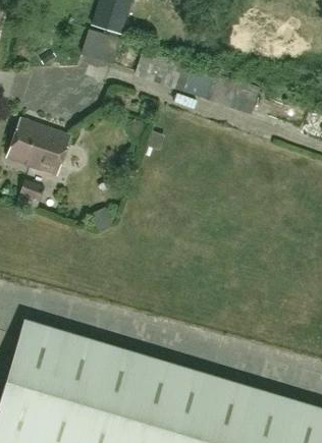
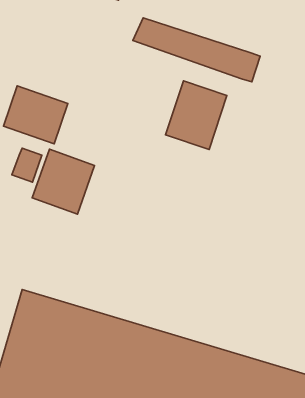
building: none -> [166,81,227,150]
building: none -> [32,149,94,214]

